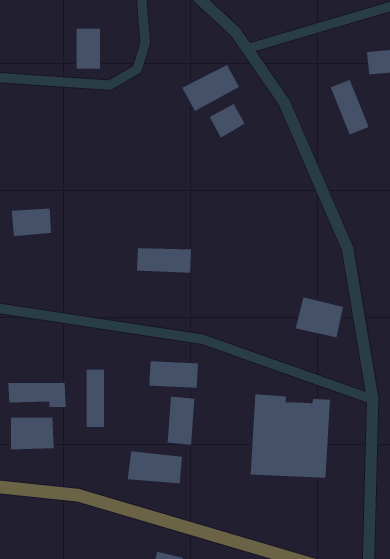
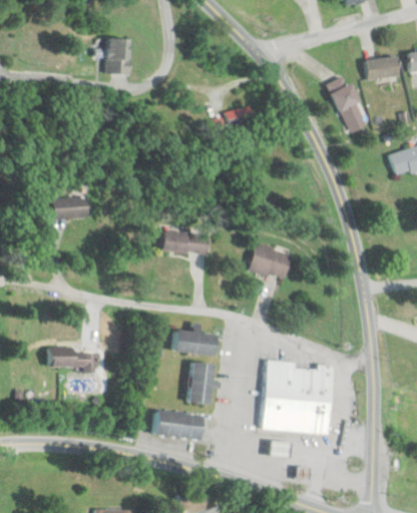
building: [181,64,240,112] -> none
building: [295,297,344,338] -> [248,242,291,279]
building: [86,369,105,428] -> none
building: [10,417,54,450] -> none

